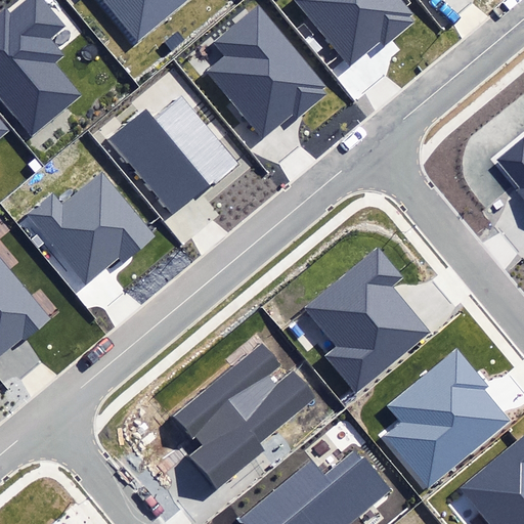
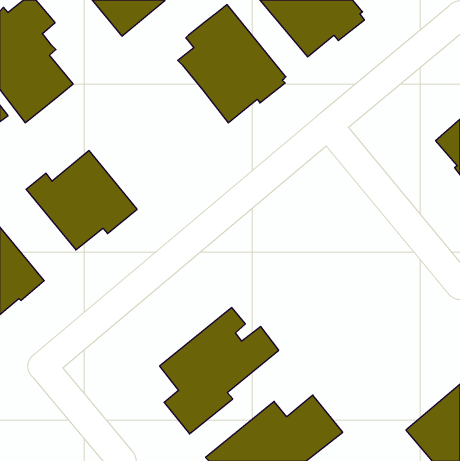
building: [107,99,233,214] -> none
building: [302,250,427,394] -> none
building: [379,349,508,491] -> none

